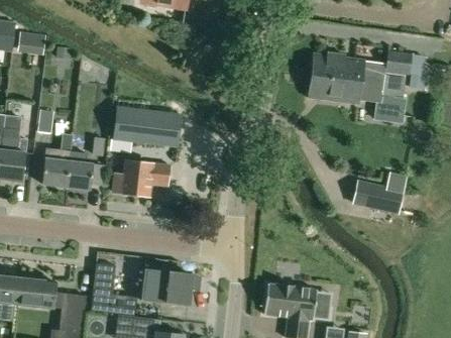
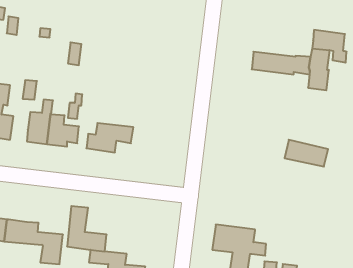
building: [314,51,385,82] -> none
building: [112,106,181,147] -> none
building: [140,269,190,306] -> none

